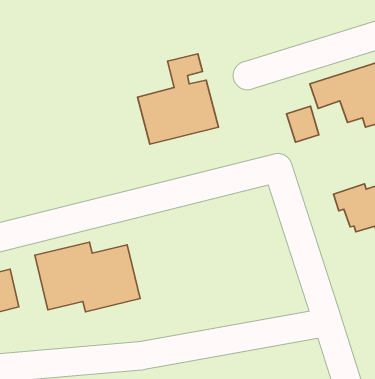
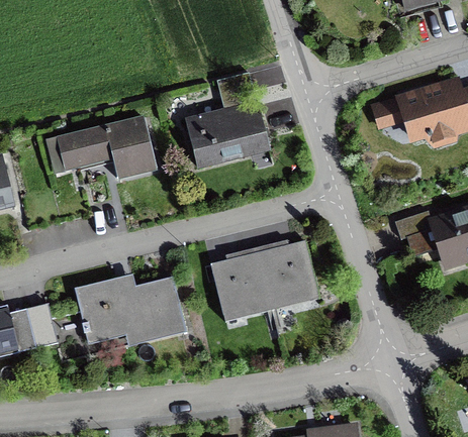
building: none -> [45,113,159,180]
building: [287,106,319,142] -> none
building: none -> [211,239,317,313]

